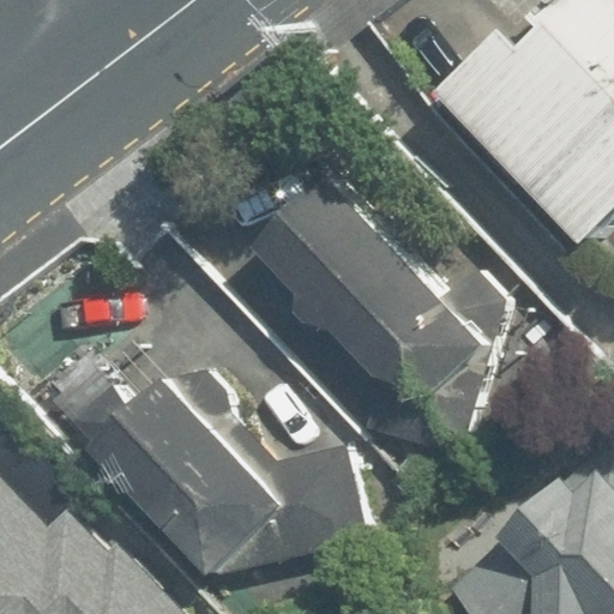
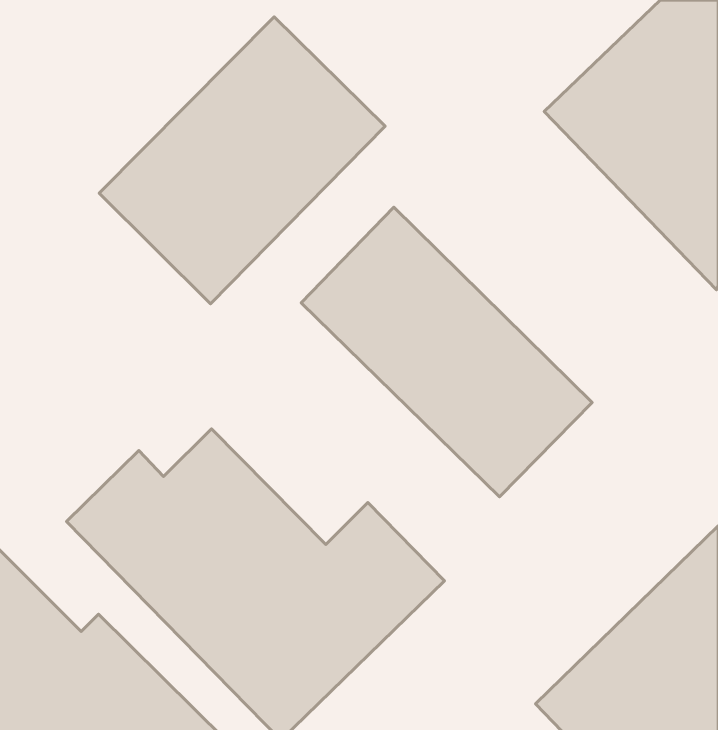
building: none -> [99,17,385,304]

